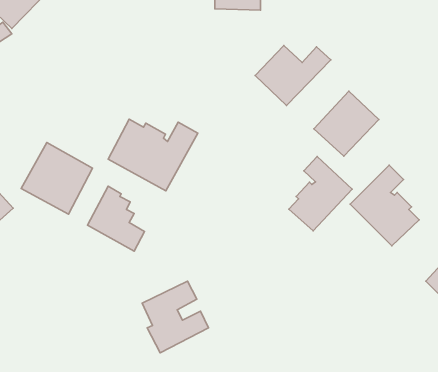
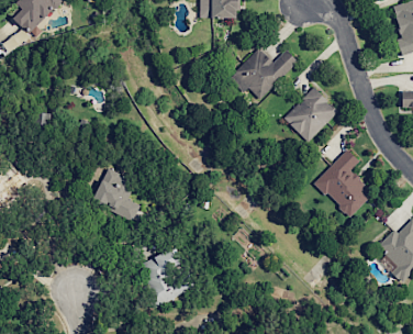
building: [108,119,198,191] -> none
building: [21,142,93,214] -> none
building: [289,157,352,231] -> none

